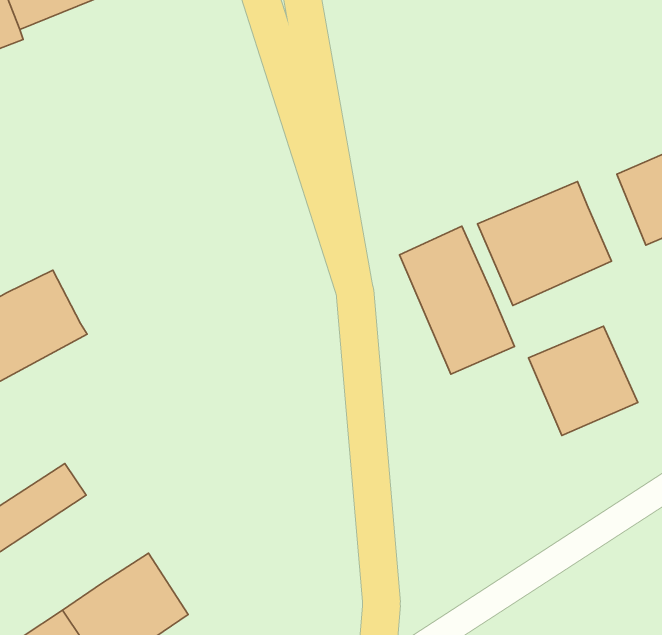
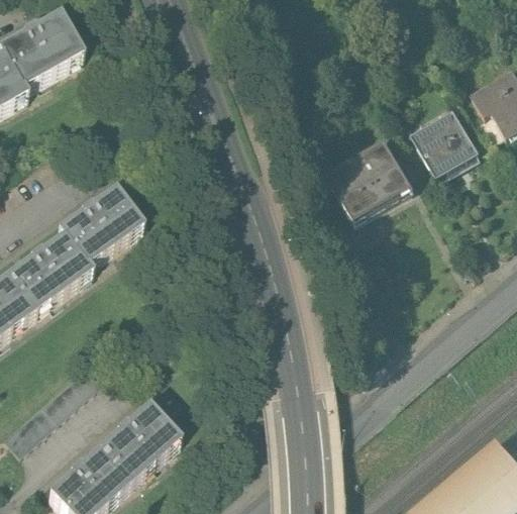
building: none -> [57,192,140,271]
building: [400,226,514,374] -> none
building: [528,326,638,435] -> none

